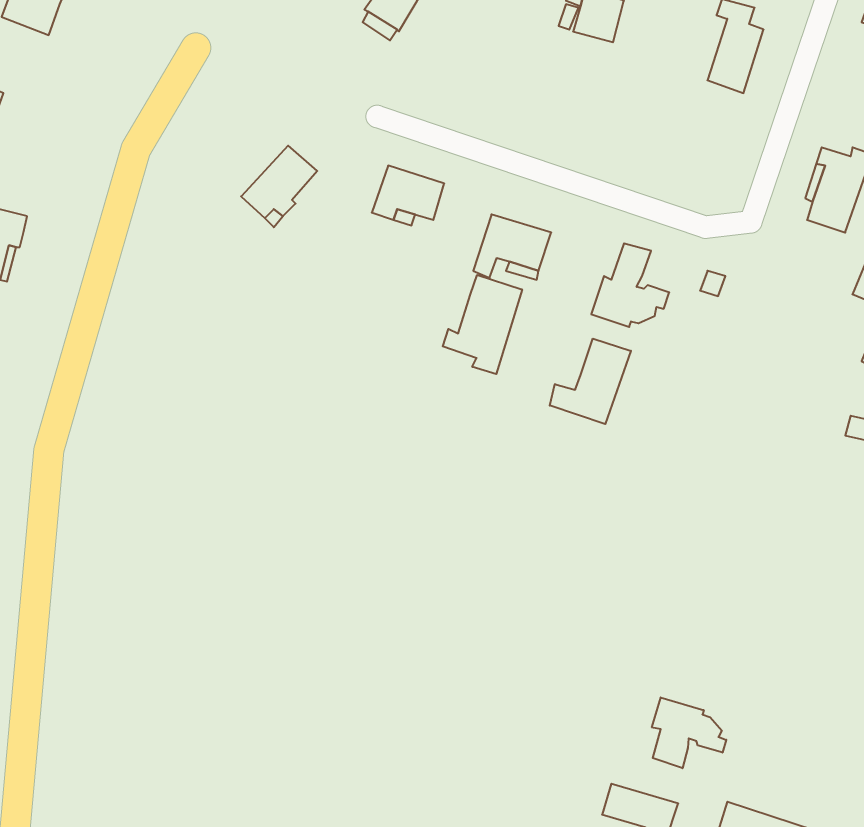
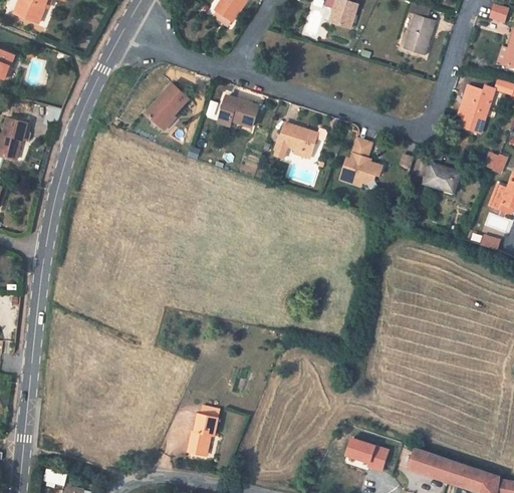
building: [443,275,522,374] -> none
building: none -> [423,162,460,193]
building: [550,339,631,424] -> none
building: [652,697,726,768] -> none
building: none -> [188,406,219,454]

